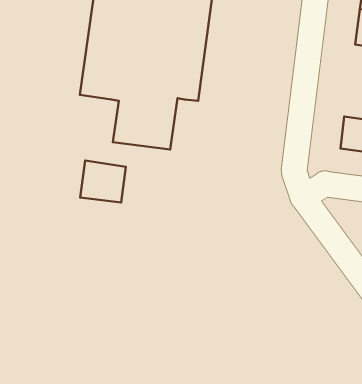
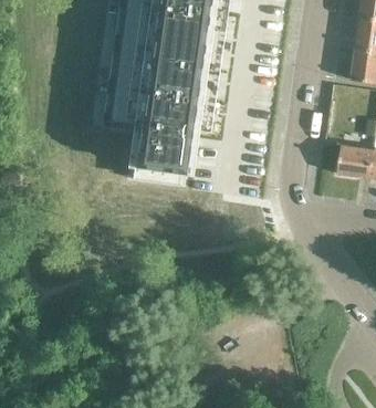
building: [80,160,126,203] -> none

